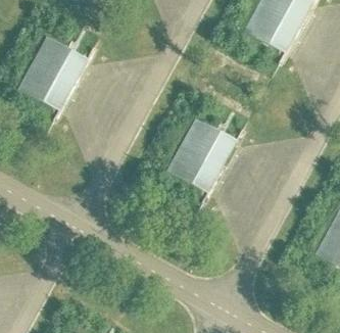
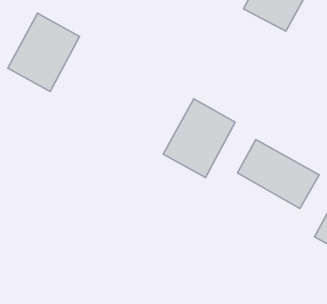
building: none -> [238,140,319,208]

